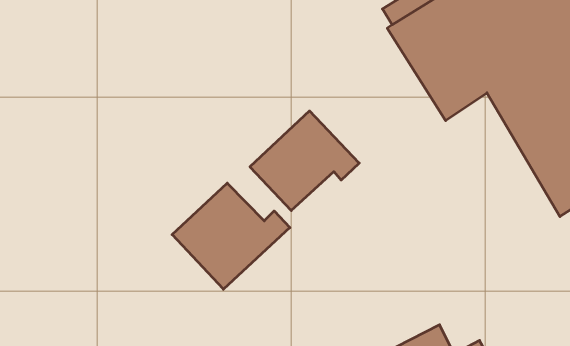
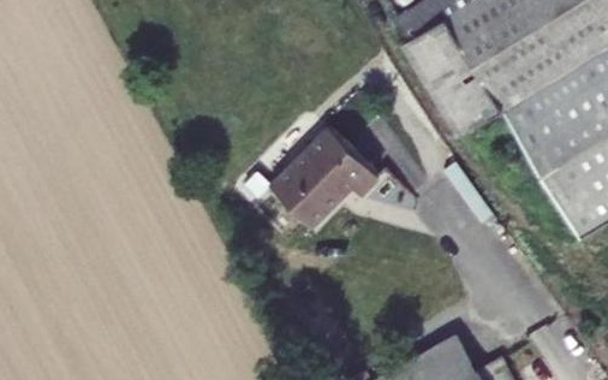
building: [172,183,290,289] -> none

